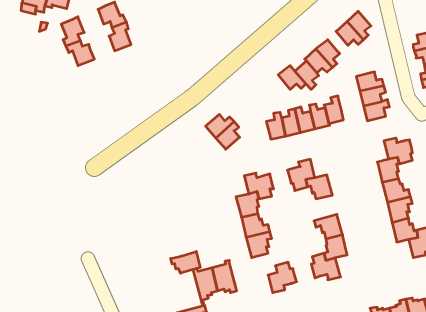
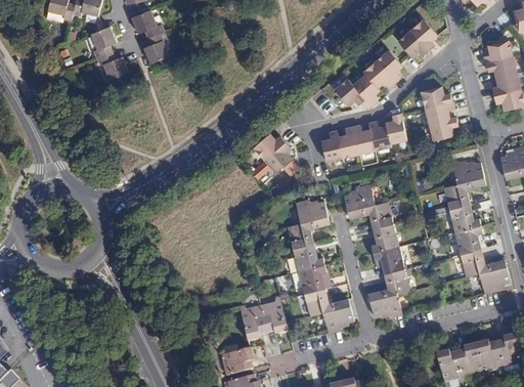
building: none -> [373,223,399,252]
building: [171,251,200,273] -> none
building: none -> [304,288,333,315]

